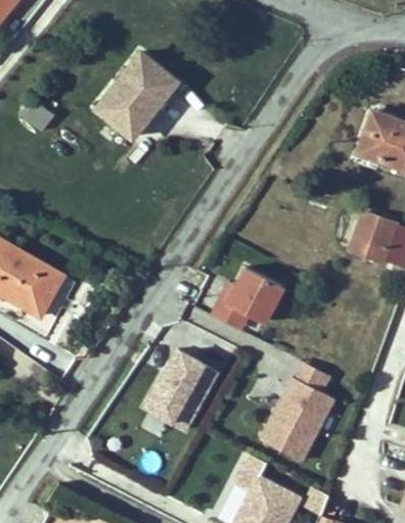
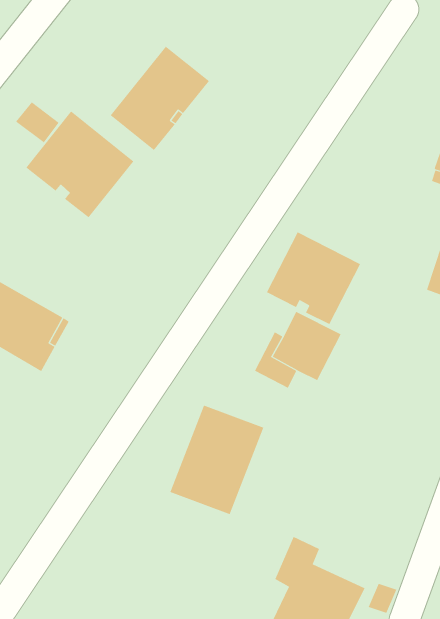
building: none -> [25,111,134,218]
building: none -> [266,231,361,325]
building: [259,356,338,461] -> none

